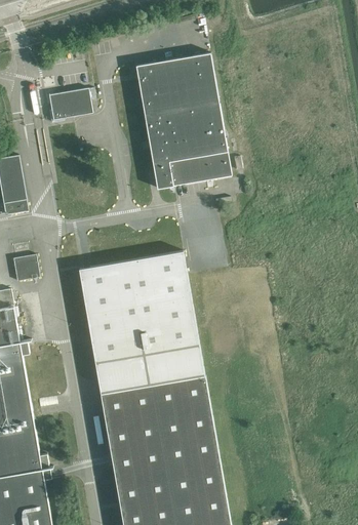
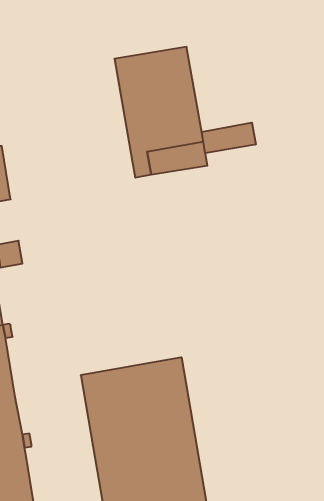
building: [49,87,92,122] -> none
building: none -> [202,123,256,153]
building: [79,250,204,393] -> none

